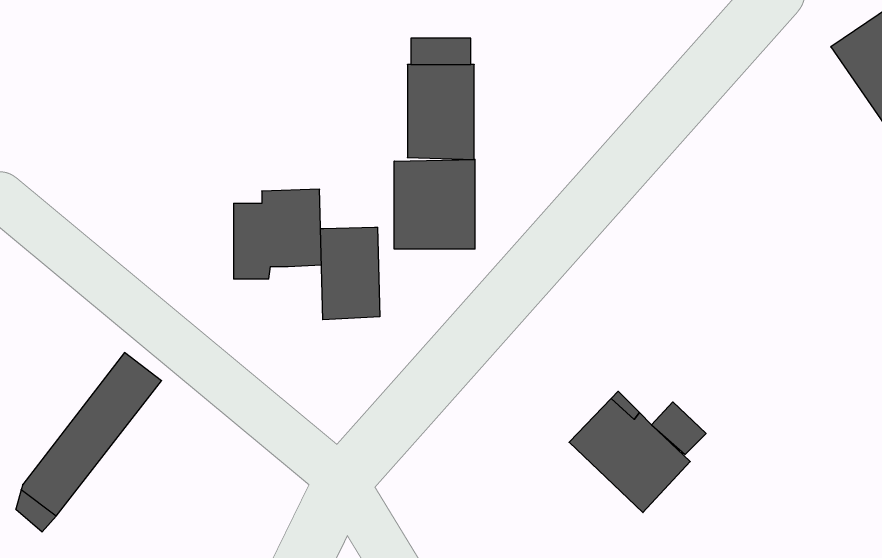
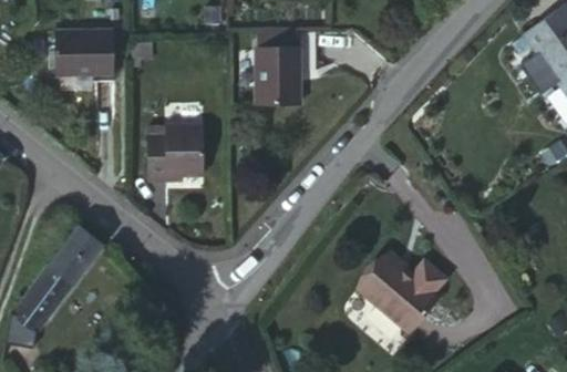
building: none -> [55,32,114,74]
building: [394,159,475,249] -> none
building: [321,227,380,320] -> none

